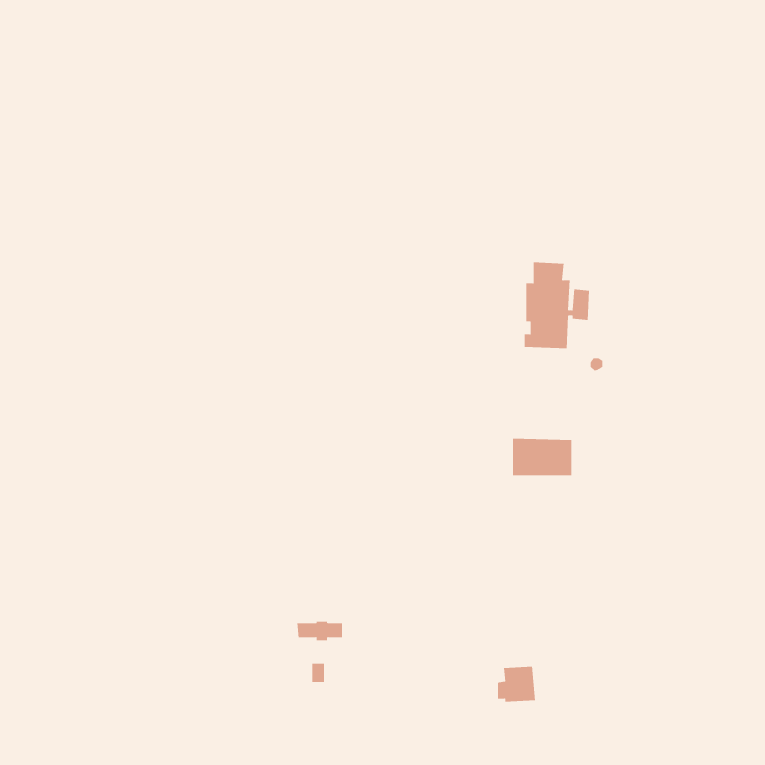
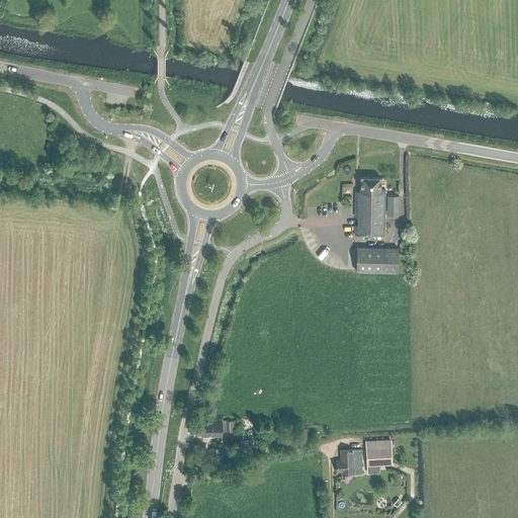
building: [512,438,572,476] -> [356,247,397,272]
building: none -> [365,440,393,466]

